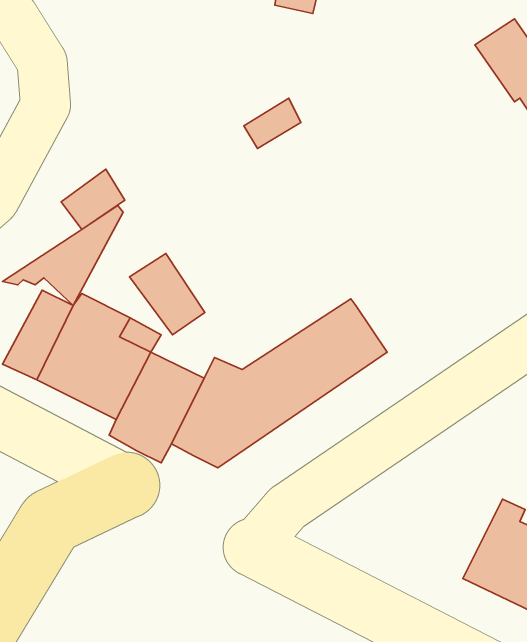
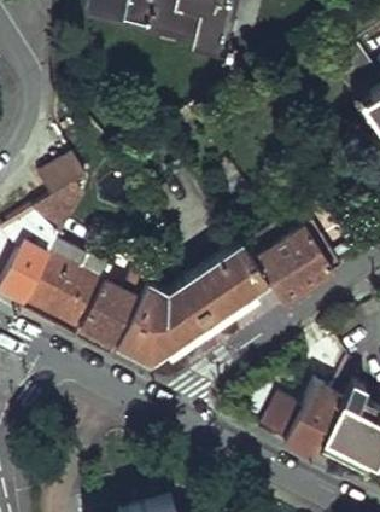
building: [130,254,205,335] -> none
building: none -> [250,216,359,307]
building: none -> [262,377,355,460]

